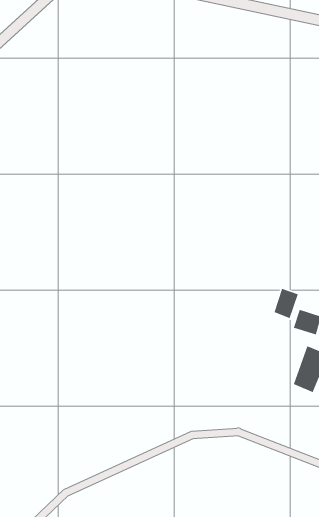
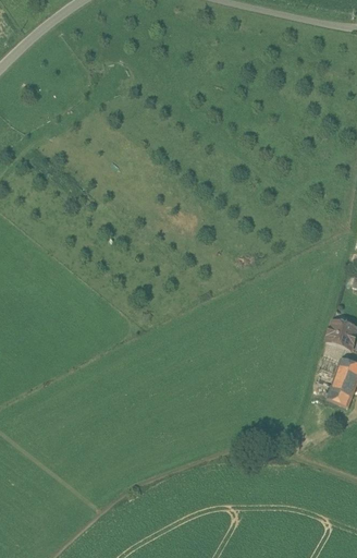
building: [273,288,299,319] -> none

